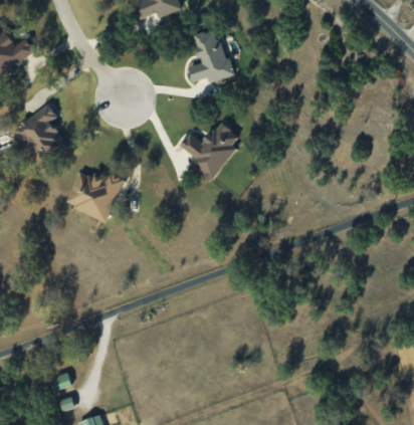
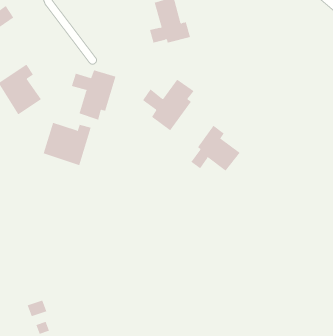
building: none -> [71,69,116,120]
building: none -> [190,125,240,172]

